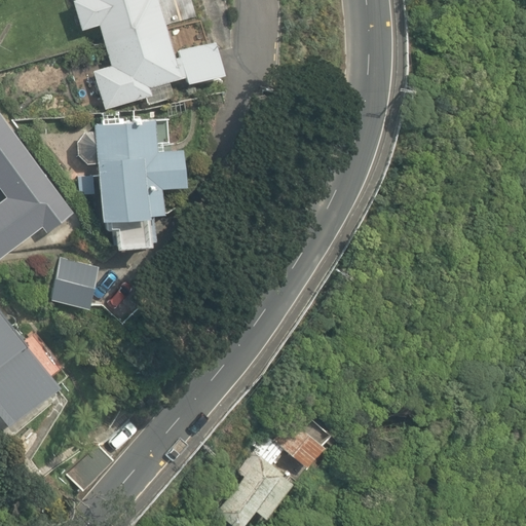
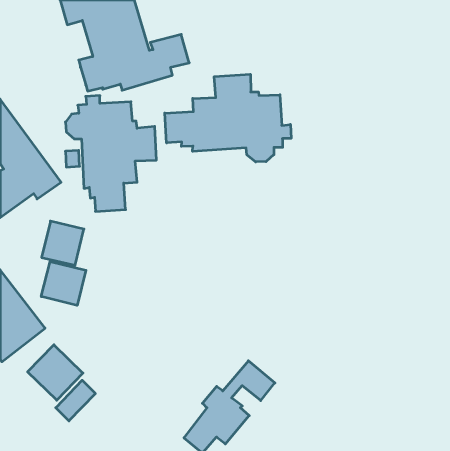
building: none -> [165,74,291,162]
building: none -> [41,262,86,305]
building: none -> [28,345,83,400]

